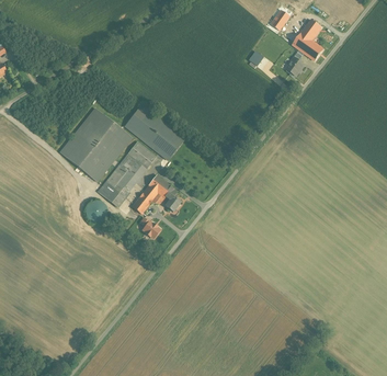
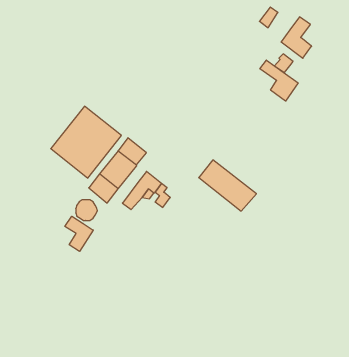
building: none -> [260,60,298,101]
building: [124,107,182,159] -> [199,160,256,211]
building: none -> [65,216,93,251]

